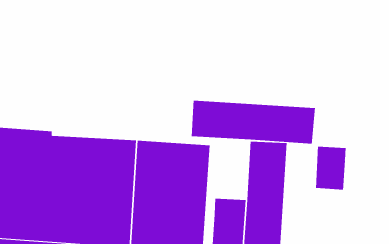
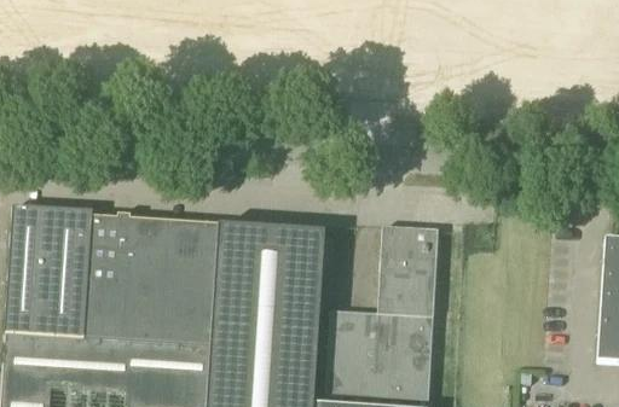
building: [191,100,315,145] -> none
building: [315,146,346,190] -> none

